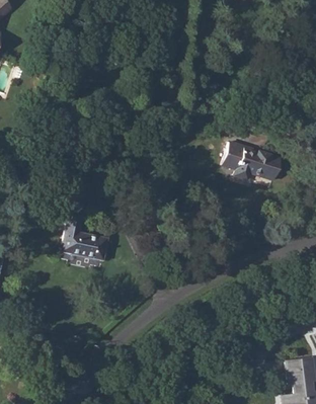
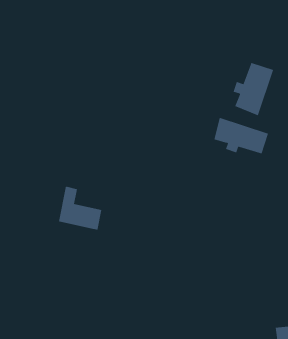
building: none -> [233,62,274,116]

